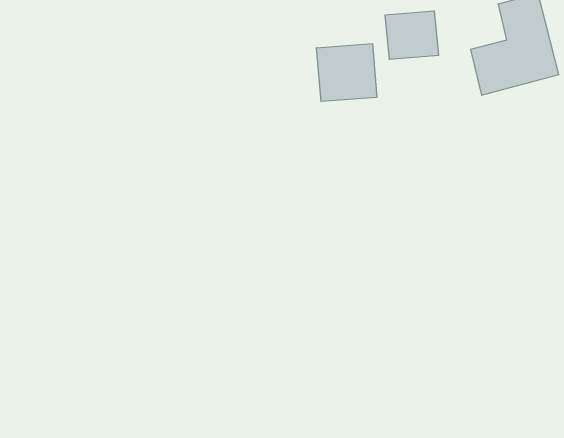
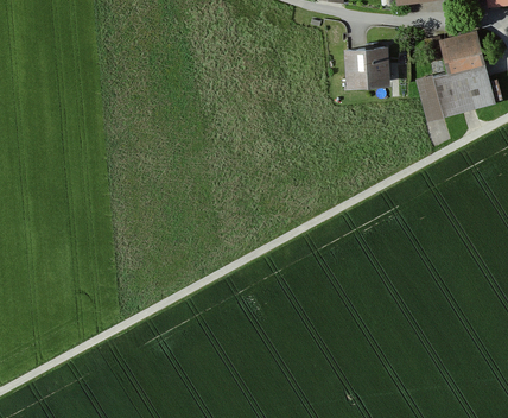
building: [317,44,377,102] -> none

